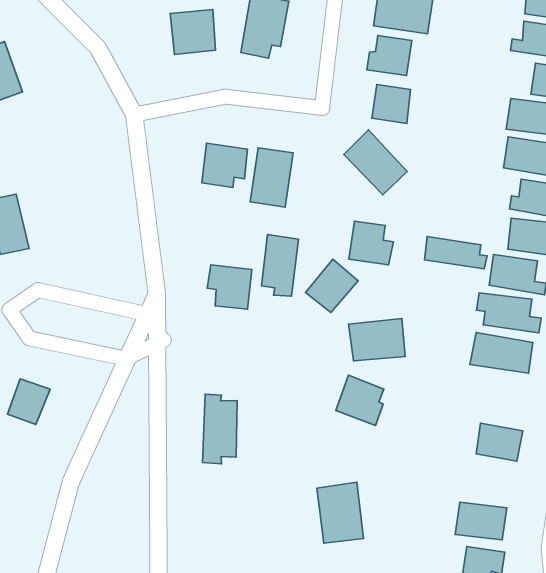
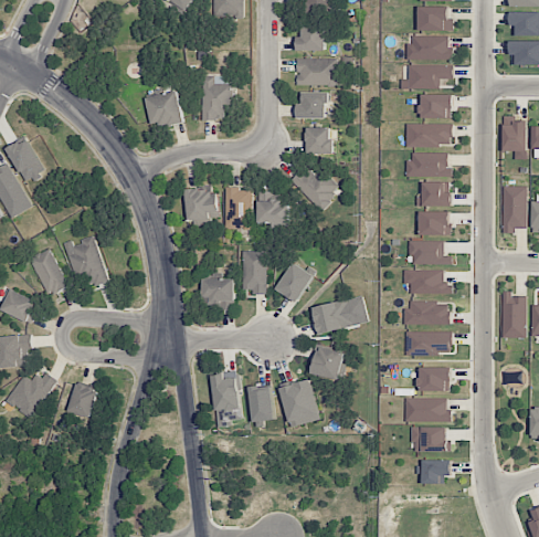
building: none -> [64,236,107,291]
building: [349,221,393,265] -> [257,193,288,222]
building: [425,237,487,269] -> none
building: none -> [406,331,451,356]
building: none -> [249,385,274,422]
building: none -> [404,398,451,422]
building: [317,482,363,543] -> [279,379,319,428]

